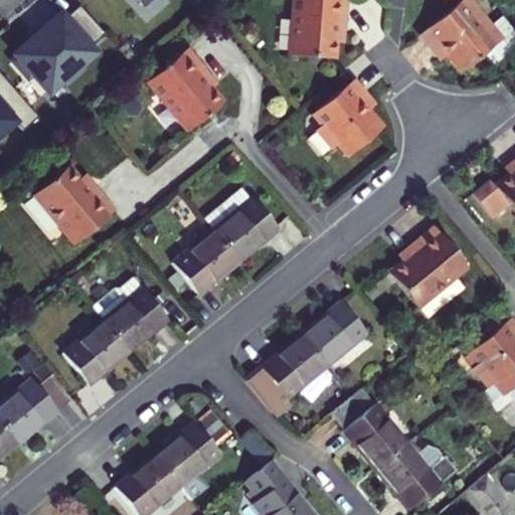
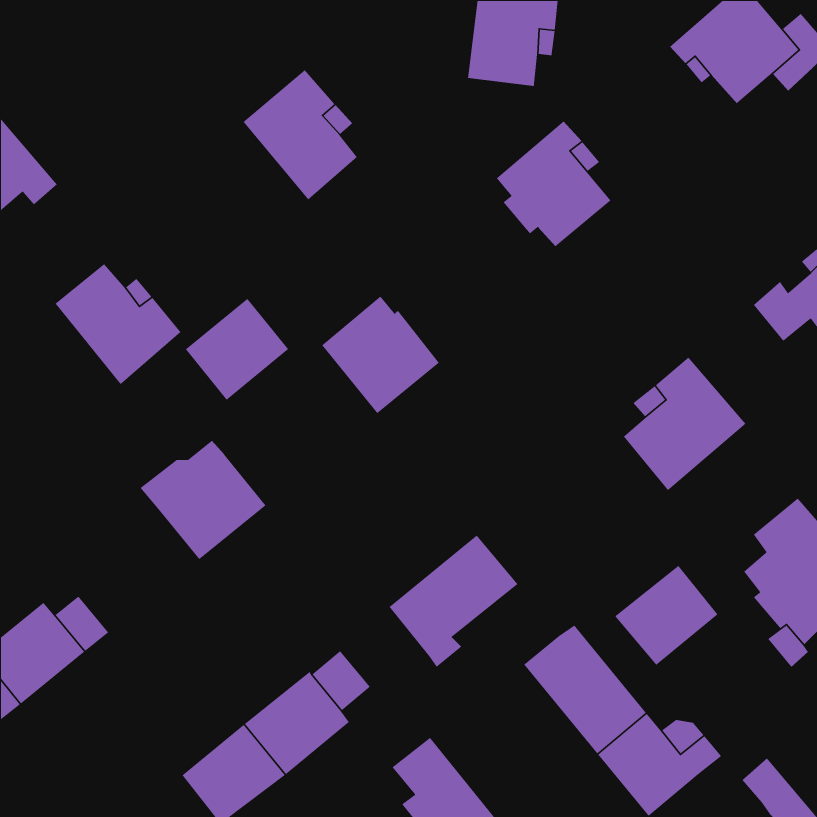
building: [15,6,105,92] -> none
building: [173,229,238,294] -> [185,298,289,401]
building: [301,305,366,368] -> [614,565,719,666]
building: [60,321,127,386] -> none

